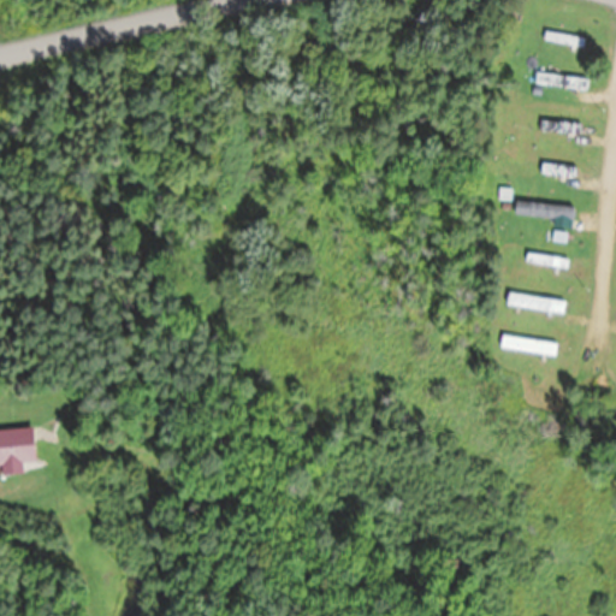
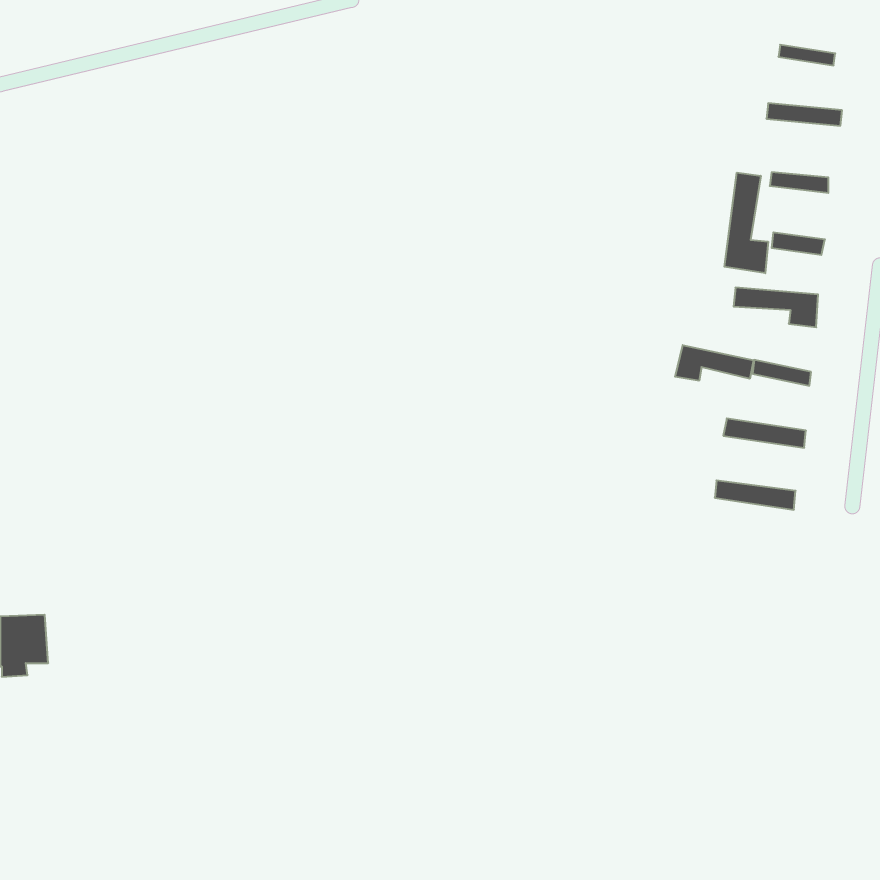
building: none -> [724,173,768,273]
building: none -> [675,345,754,381]

